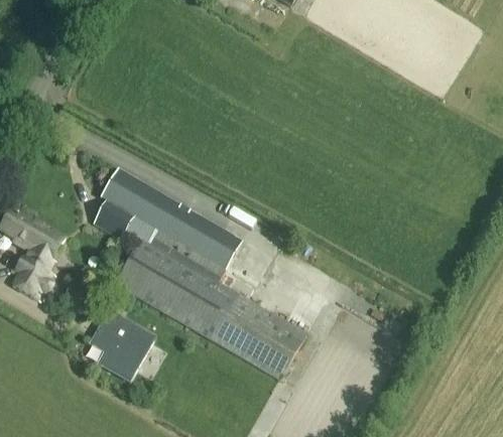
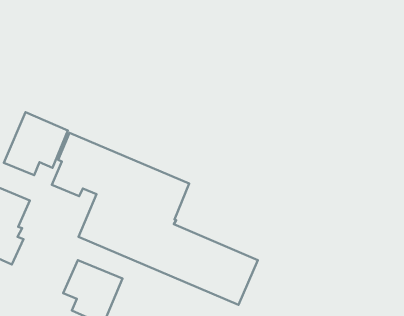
building: none -> [4,112,68,175]

